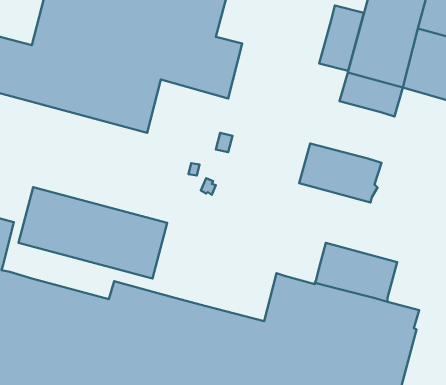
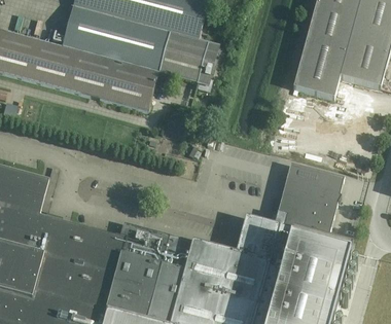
building: [319,6,364,71] -> none
building: [299,143,381,203] -> [282,164,344,208]
building: [19,187,167,279] -> none

